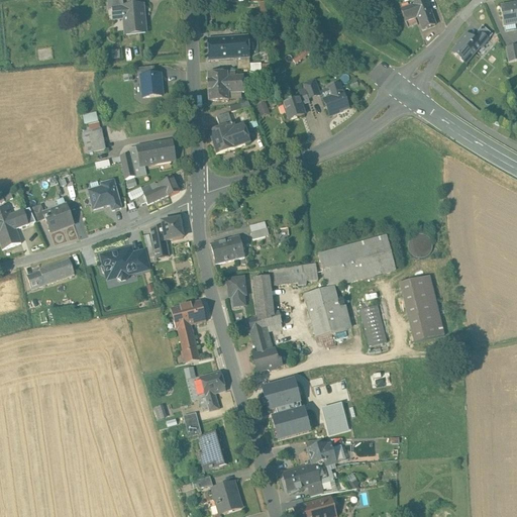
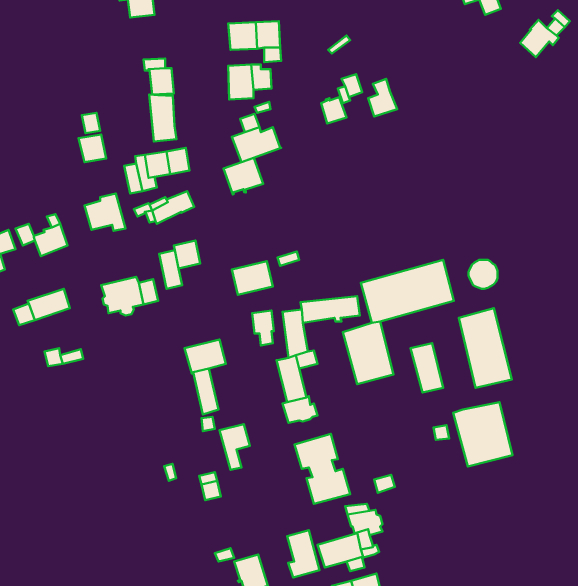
building: none -> [149,94,176,142]
building: none -> [223,158,263,194]
building: none -> [453,402,512,467]
building: [201,429,228,469] -> [287,530,320,577]

